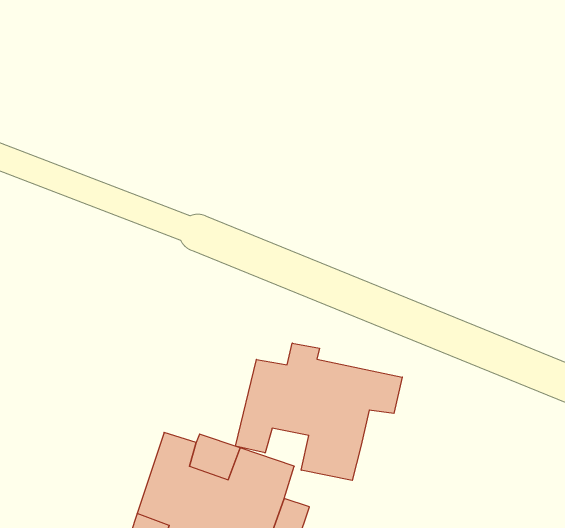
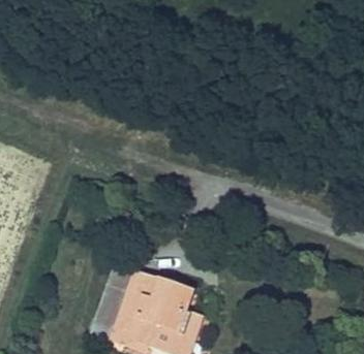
building: [235,343,402,480] -> none

